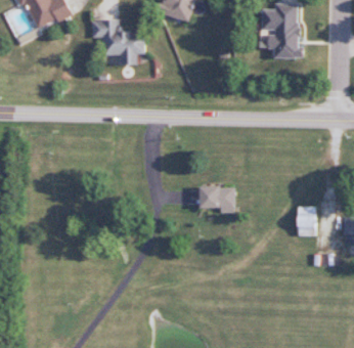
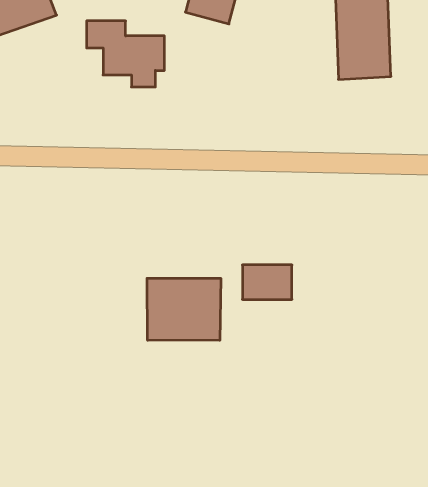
building: none -> [147,278,221,340]
building: [295,207,320,235] -> none

